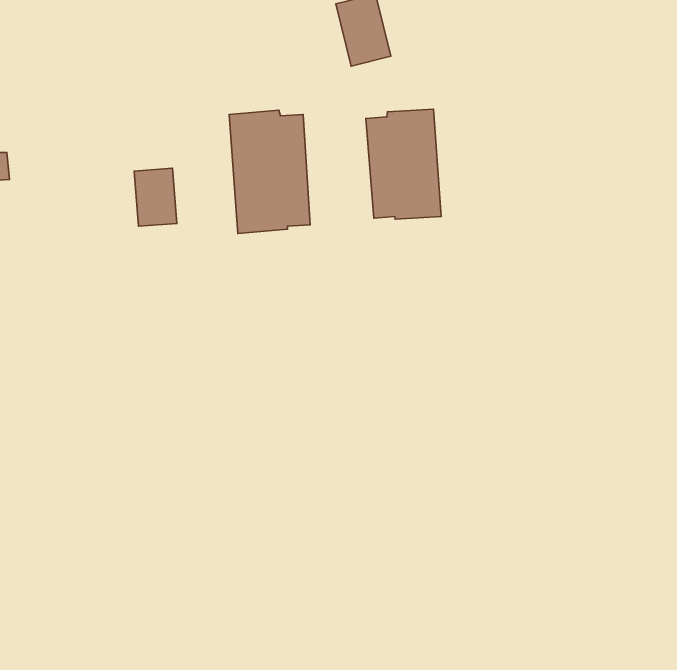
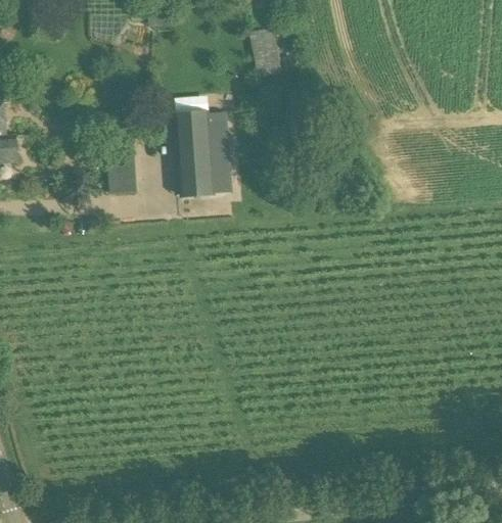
building: [366,109,441,219] -> none

